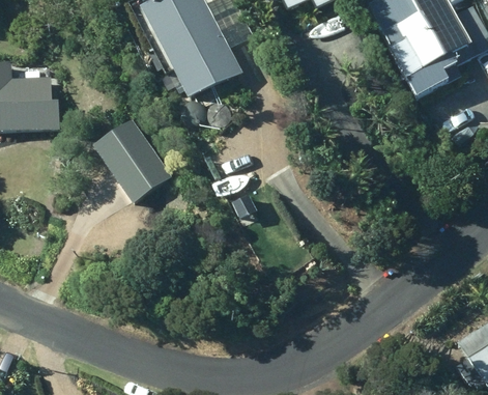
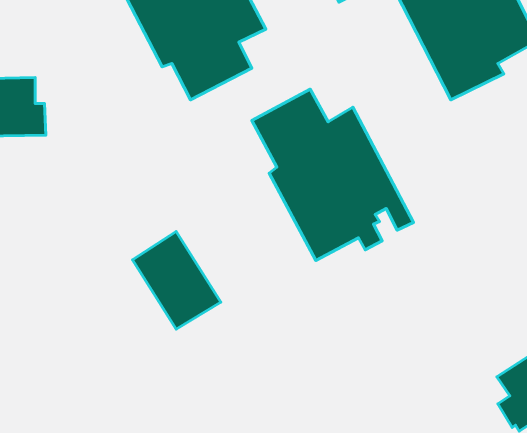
building: none -> [252,89,414,261]
building: [93,118,171,204] -> [133,231,221,329]

